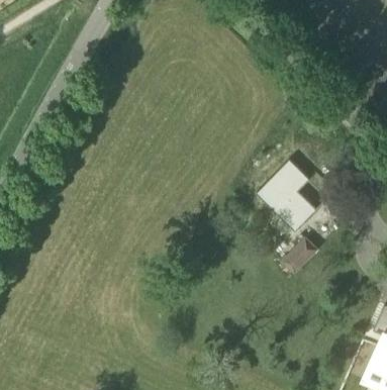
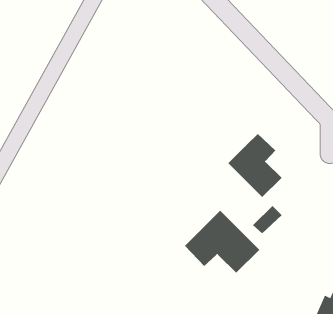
building: none -> [184,210,260,274]

